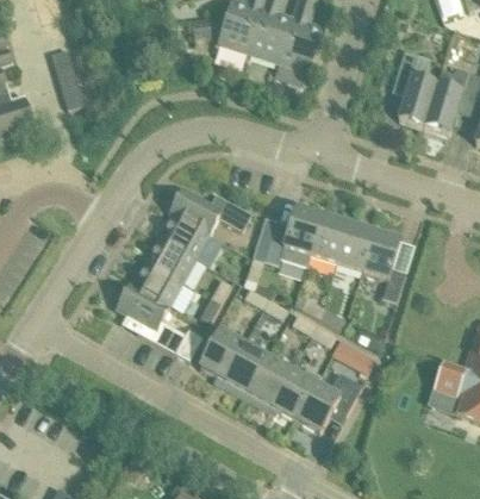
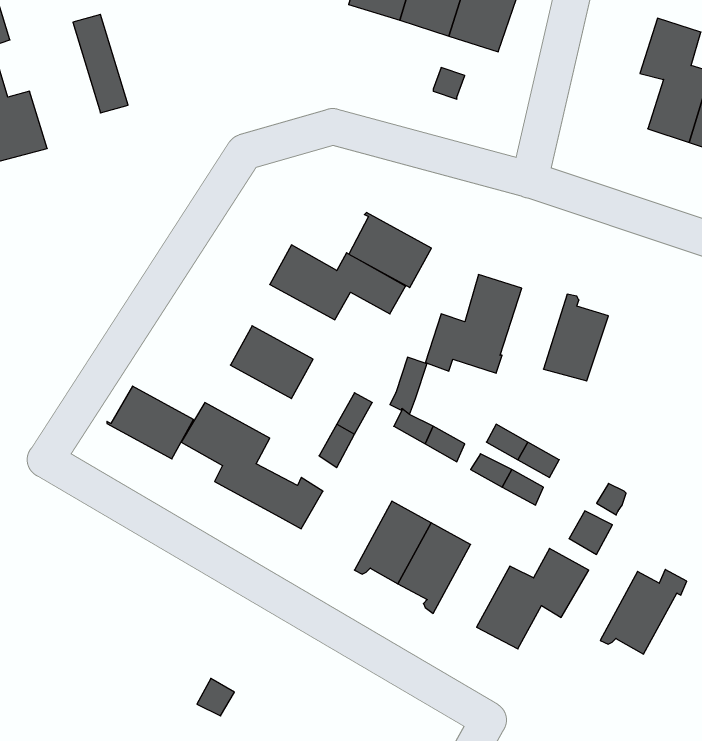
building: [158,213,208,258] -> [349,213,431,288]
building: [308,216,349,264] -> none
building: [361,232,405,302] -> none
building: [130,262,182,306] -> [107,386,194,459]
building: [199,330,243,386] -> none
building: [268,369,320,420] -> [600,569,687,654]

